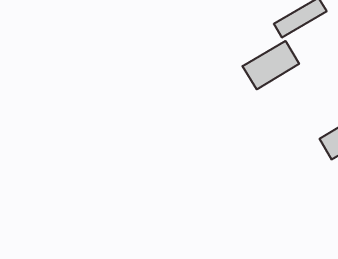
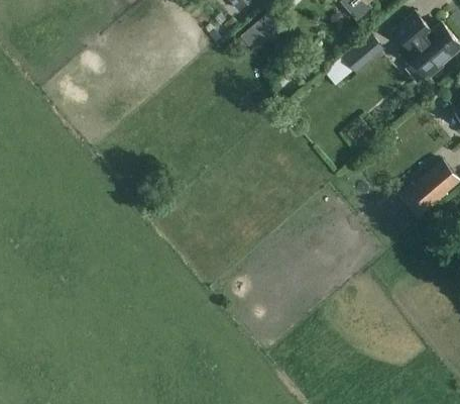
building: [242,41,299,89] -> none

